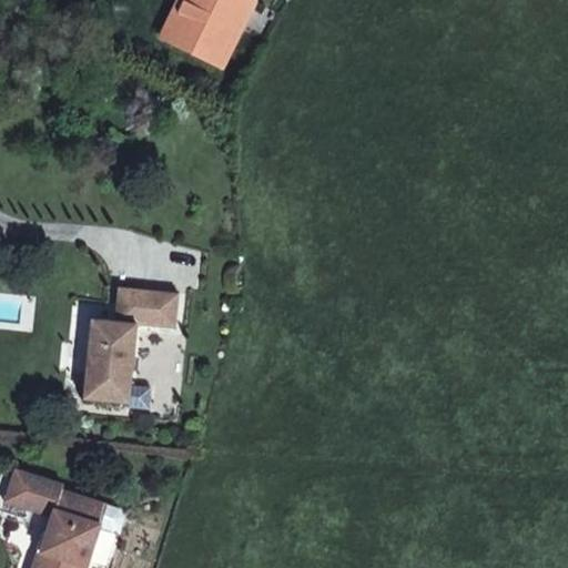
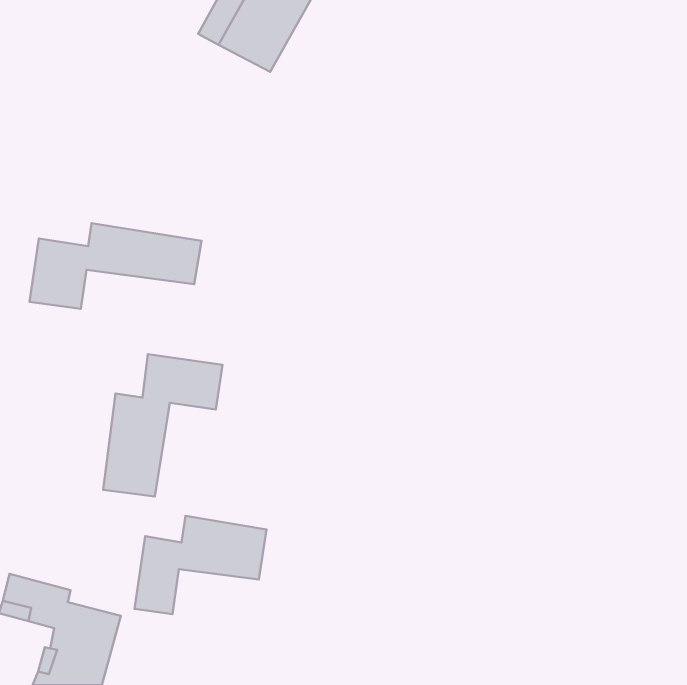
building: none -> [30,223,201,309]
building: none -> [134,516,267,614]

